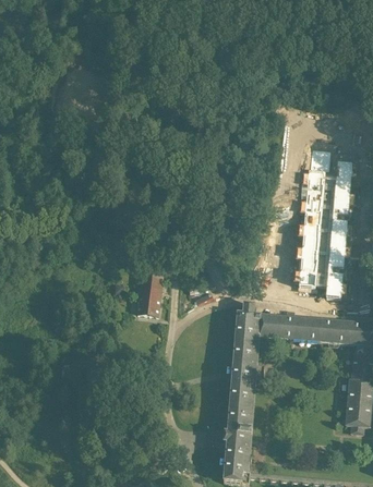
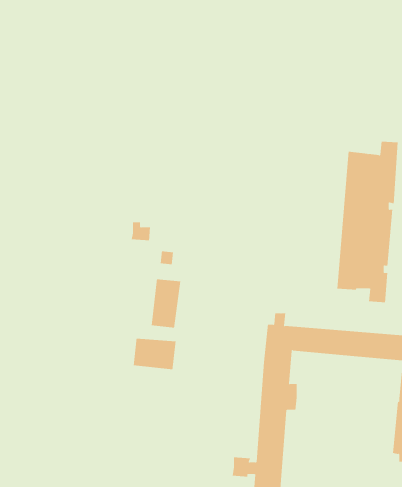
building: none -> [133,338,176,370]

